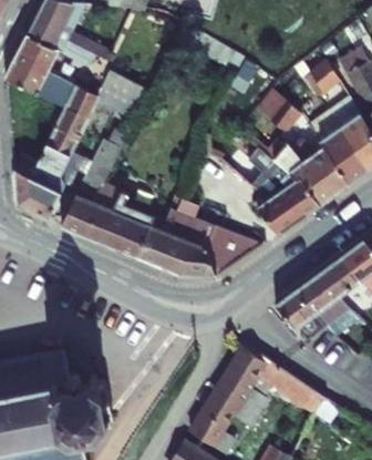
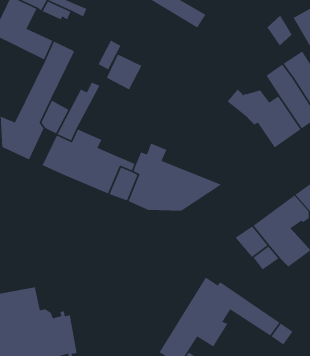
building: [97,71,137,112] -> [107,53,143,90]
building: [258,88,301,132] -> none
building: [248,147,319,234] -> none

